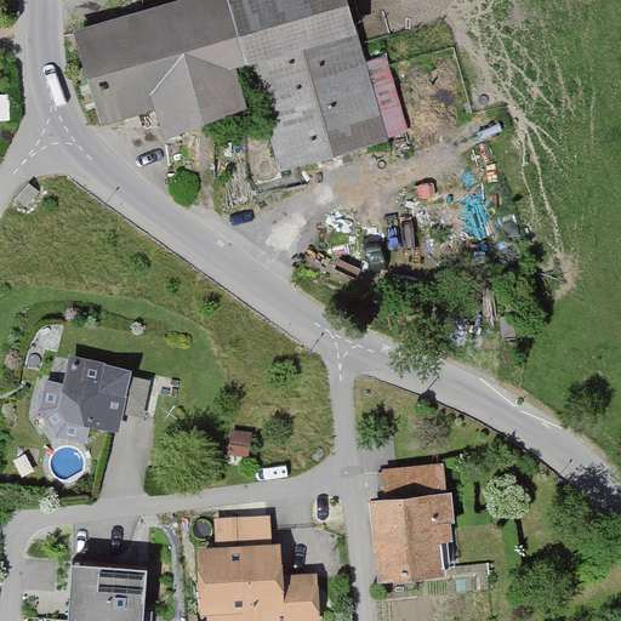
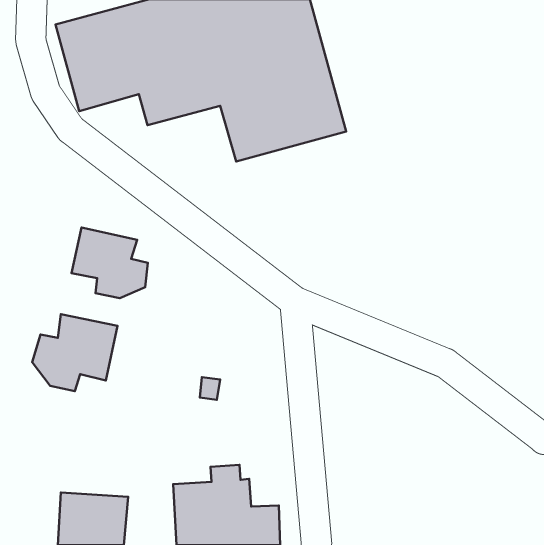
building: none -> [71,227,148,298]
building: [370,465,455,581] -> none

